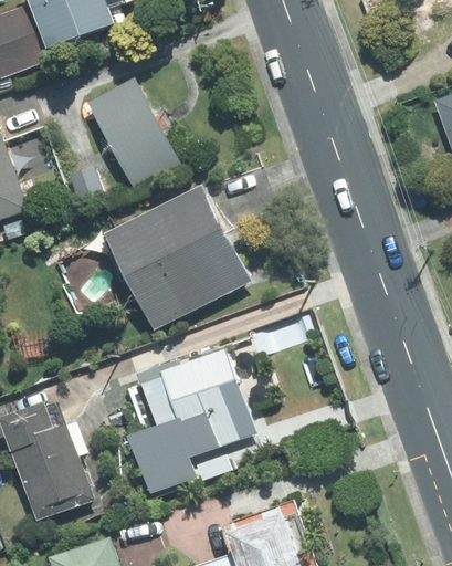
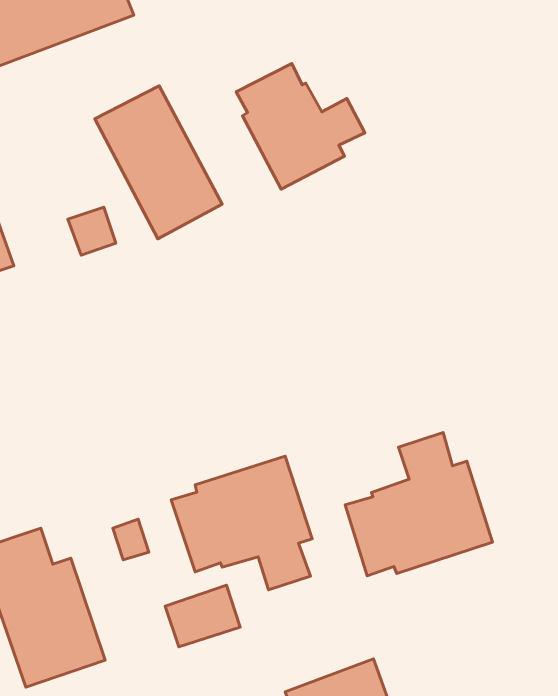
building: none -> [236,64,365,189]
building: [105,185,251,329] -> none
building: none -> [345,433,492,576]

